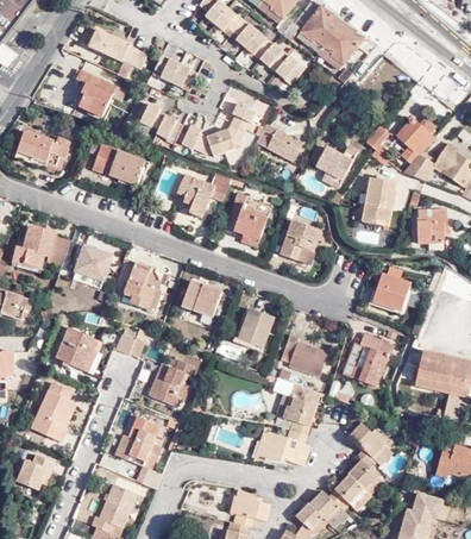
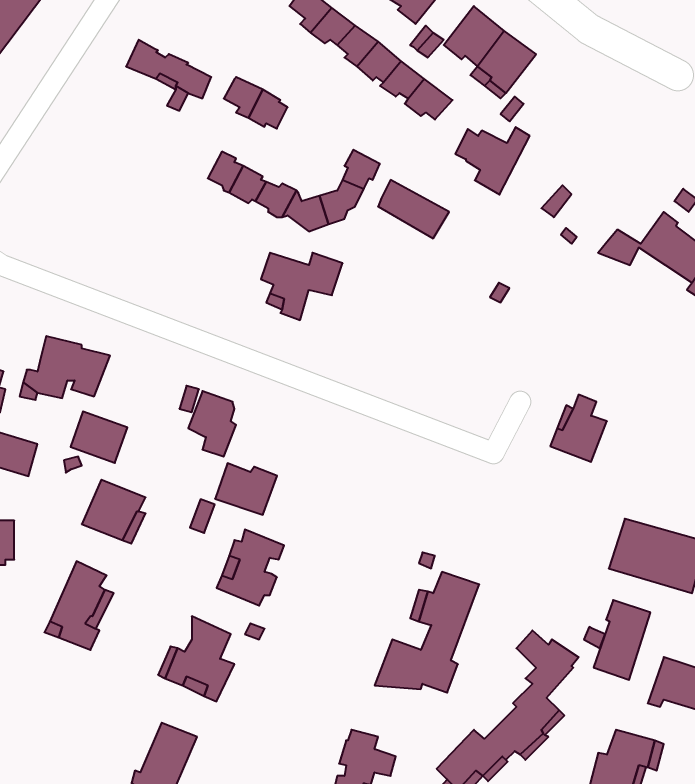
building: [77,68,115,114] -> none
building: [395,118,432,163] -> none
building: [18,126,71,171] -> none
building: [308,143,358,188] -> [455,127,530,195]
building: [92,144,149,187] -> none
building: [360,180,396,226] -> none
building: [228,190,269,243] -> none
building: [417,209,446,247] -> none
building: [278,223,319,263] -> none
building: [76,247,114,282] -> [71,411,127,463]
building: [178,283,220,318] -> [215,463,277,515]
building: [239,307,272,345] -> none
building: [348,331,387,384] -> [594,600,650,680]
building: [280,337,326,377] -> none
building: [19,450,57,485] -> none

